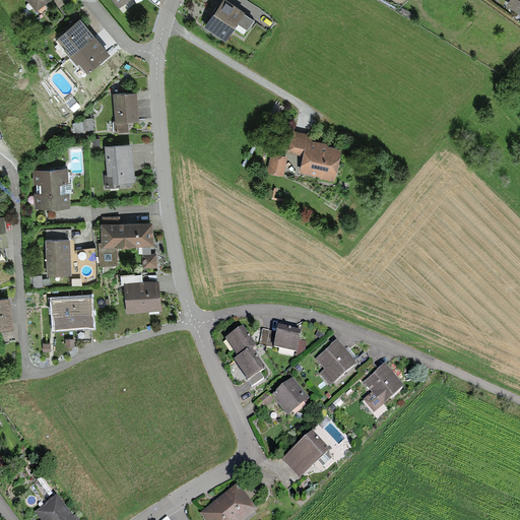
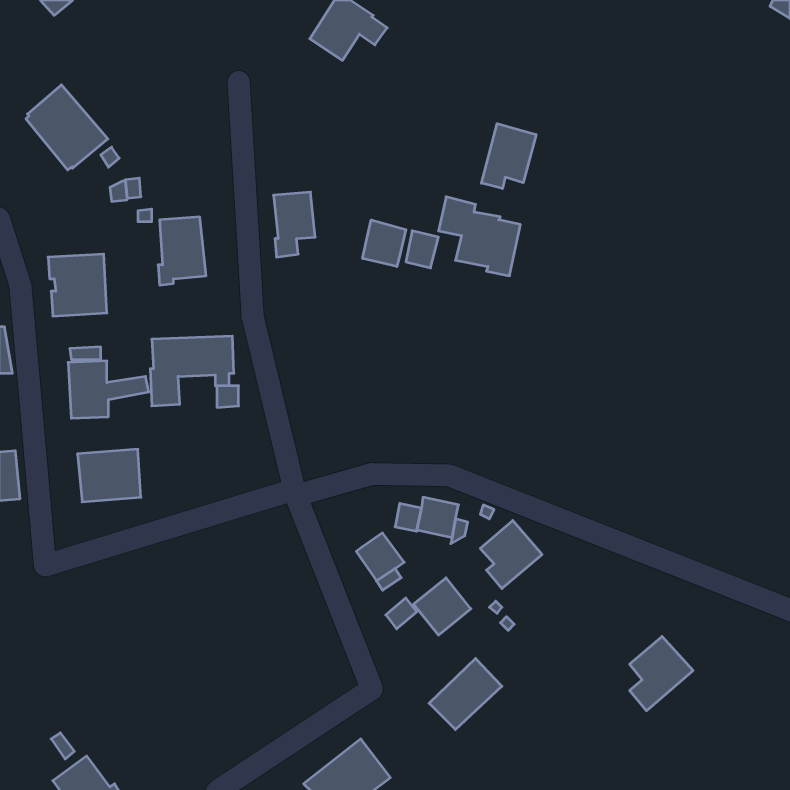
building: [56,17,110,73] -> [26,85,108,170]
building: none -> [481,124,536,189]
building: [112,90,139,133] -> [273,192,315,257]
building: none -> [363,220,406,267]
building: [120,273,161,313] -> none
building: [224,328,255,360] -> none
building: [363,366,404,414] -> [630,636,693,711]

